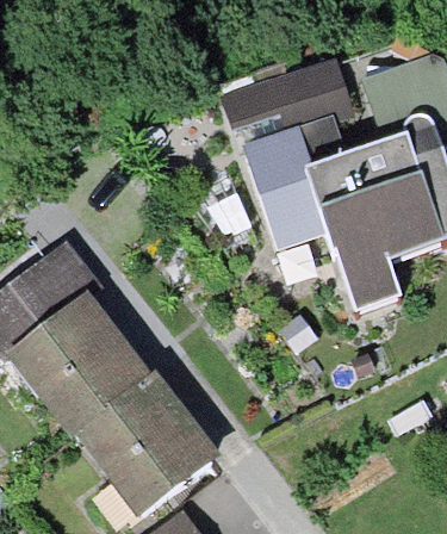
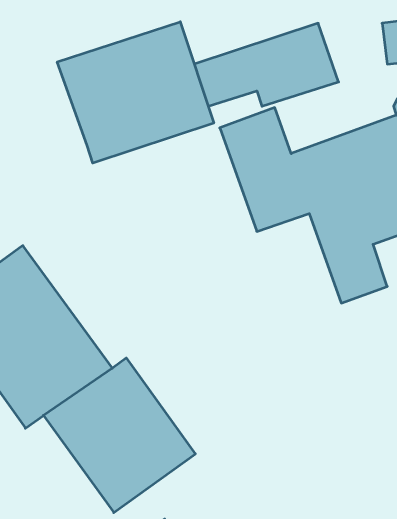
building: none -> [57,22,214,163]

